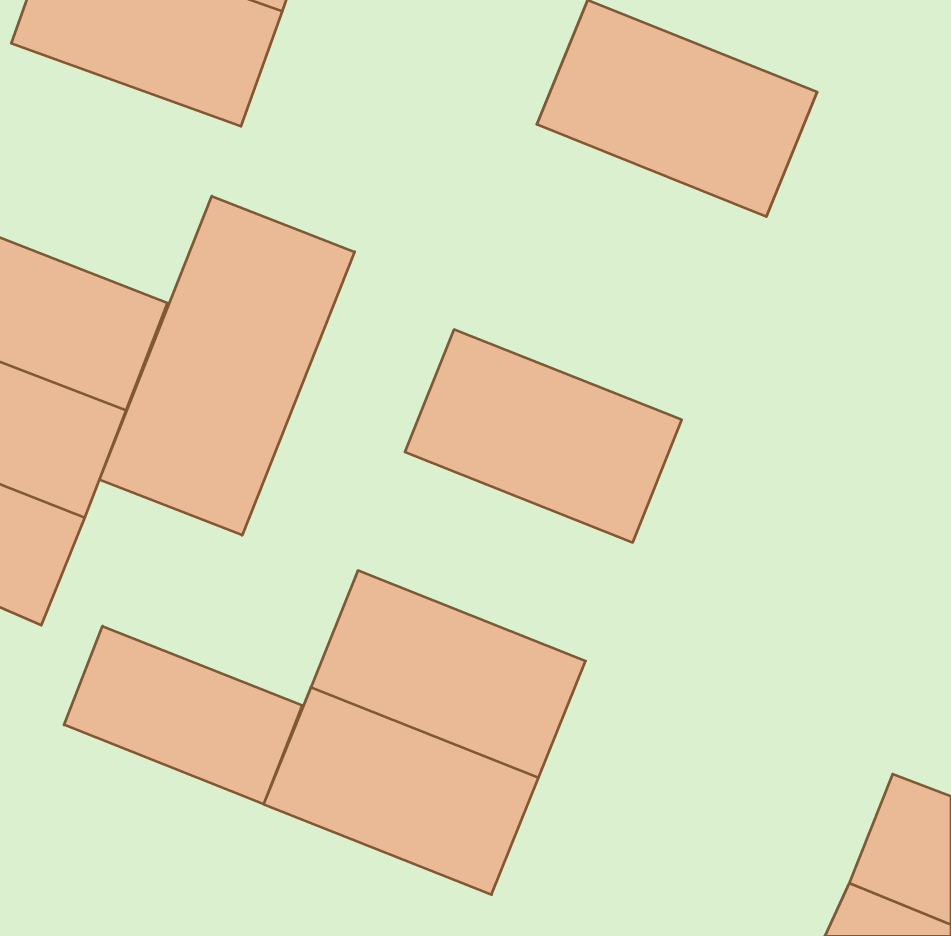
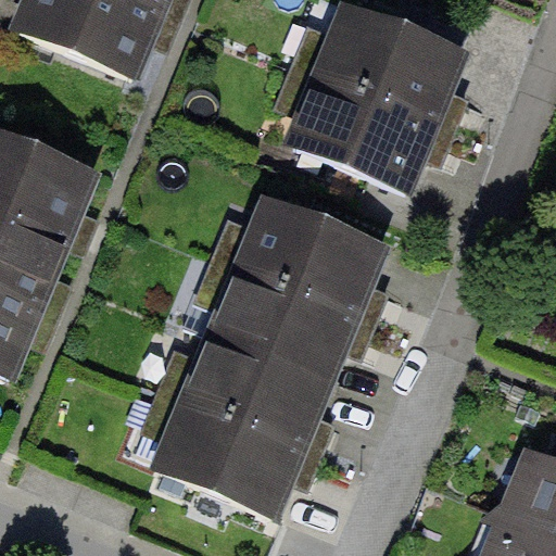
building: none -> [281,72,442,197]
building: [99,196,355,535] -> none
building: none -> [206,261,365,381]
building: [64,626,302,804] -> none

